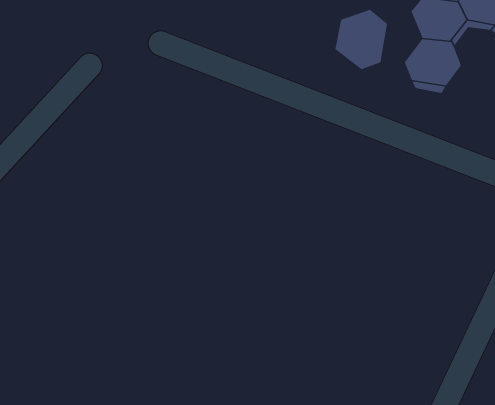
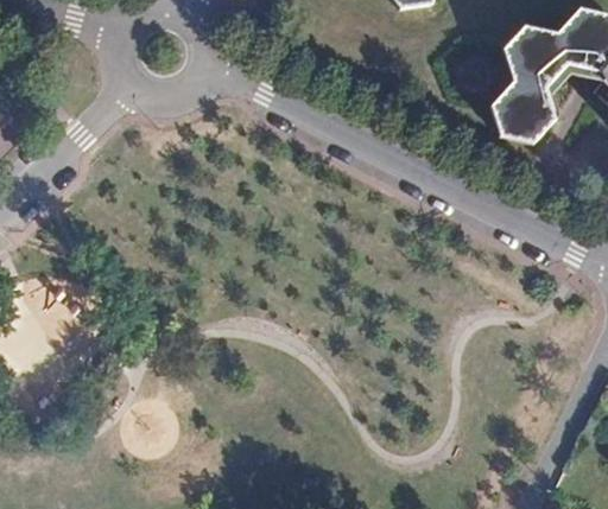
building: [335,9,388,70] -> none

